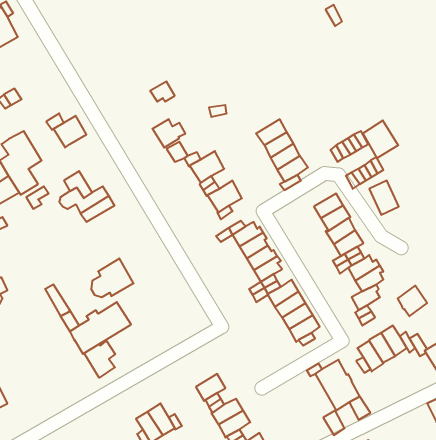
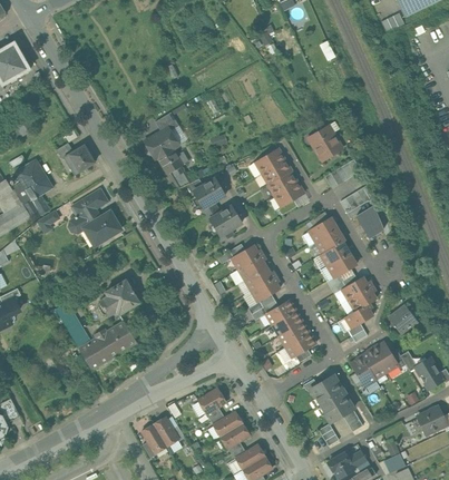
building: none -> [145,128,177,158]
building: [363,120,398,158] -> [309,126,342,161]
building: [84,341,115,378] -> none

